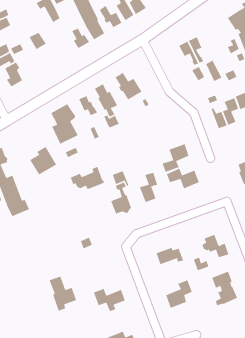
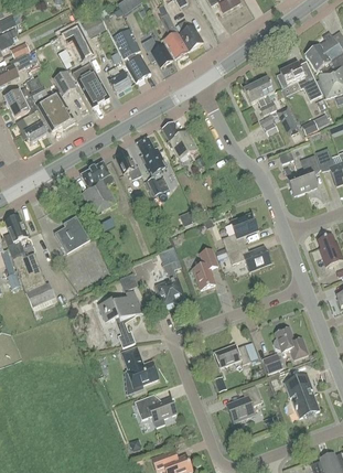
building: none -> [73,62,109,106]
building: none -> [276,62,307,88]
building: none -> [36,93,73,129]
building: [70,166,105,190] -> [98,289,142,320]
building: [49,275,77,312] -> [121,345,158,391]

